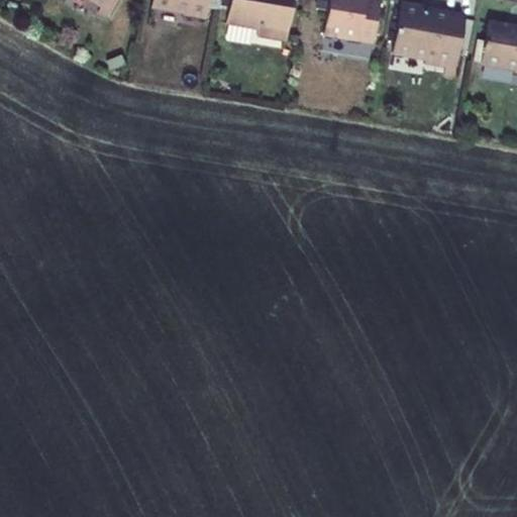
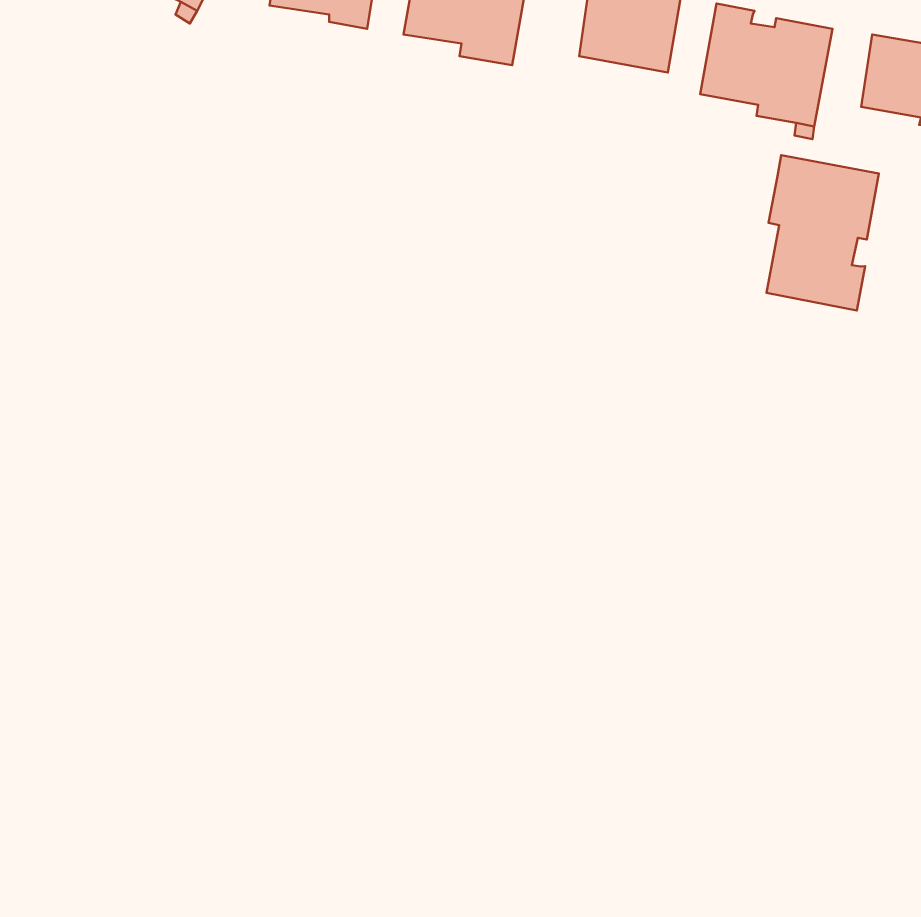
building: none -> [767,155,879,311]

